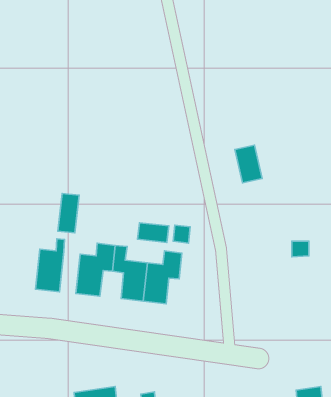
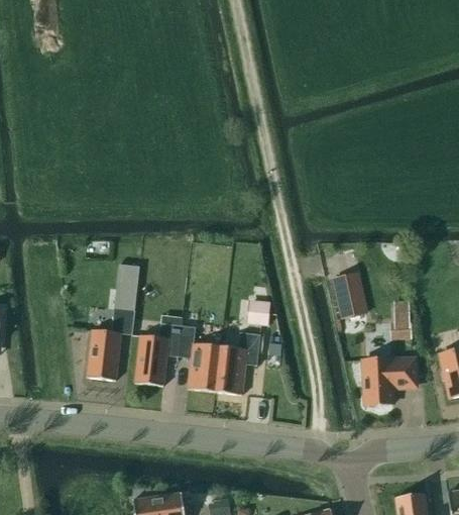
building: [235,145,262,183] -> [334,273,366,317]
building: [138,223,169,242] -> none
building: none -> [364,357,417,403]

